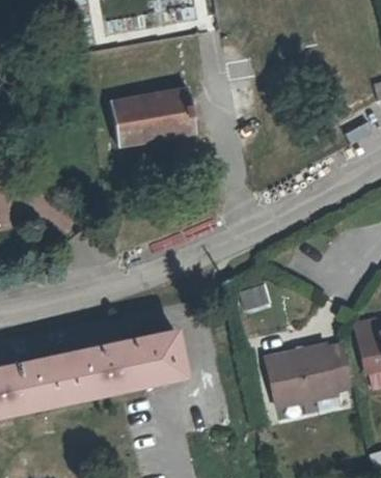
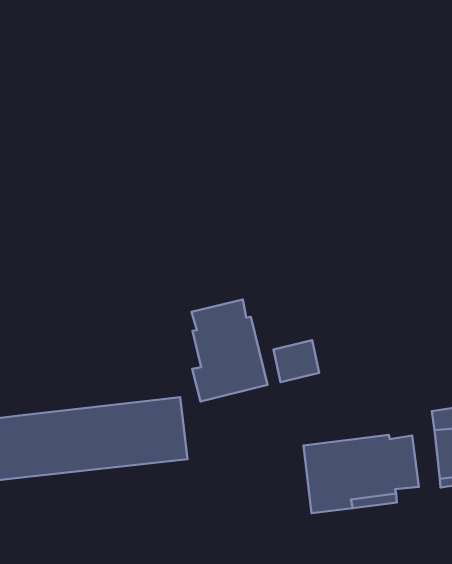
building: [110,88,195,144] -> none
building: none -> [192,299,267,401]

